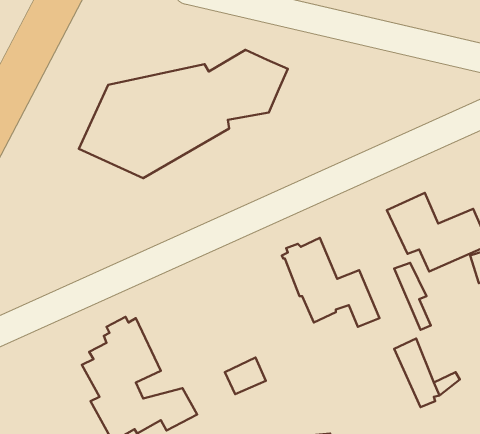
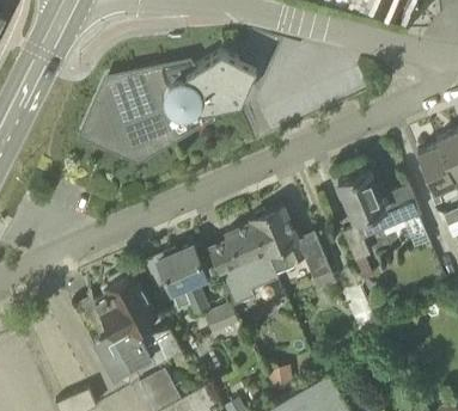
building: none -> [209,223,280,306]
building: none -> [158,246,209,314]

